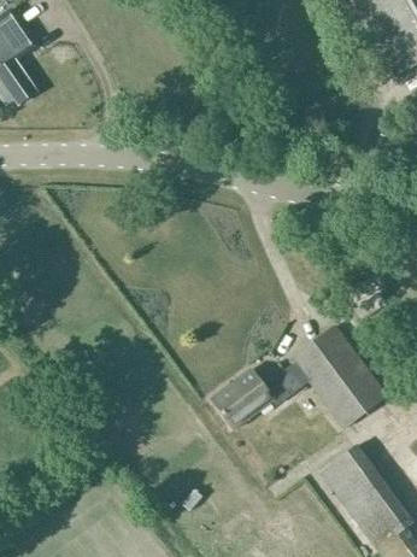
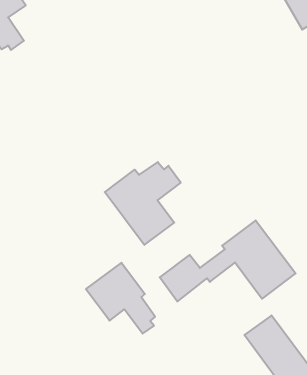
building: none -> [105,162,181,245]
building: none -> [86,263,155,334]

